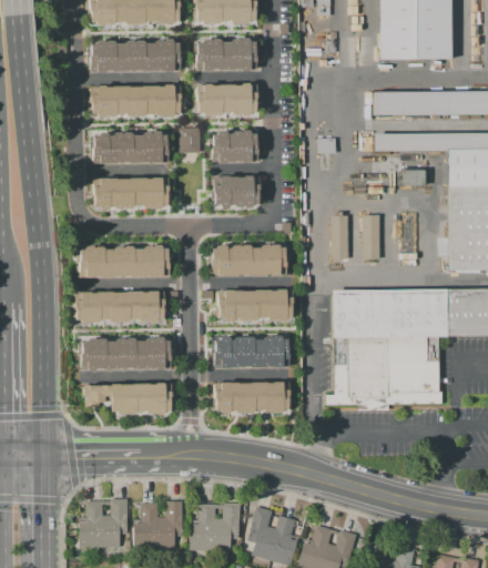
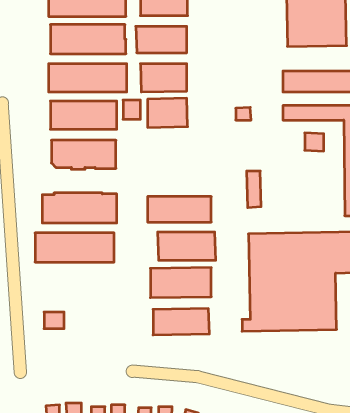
building: [213,175,260,207] -> none
building: [362,214,379,257] -> none
building: [81,336,173,369] -> none
building: [112,382,175,417] -> none

